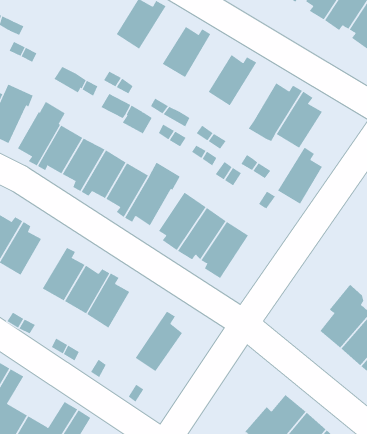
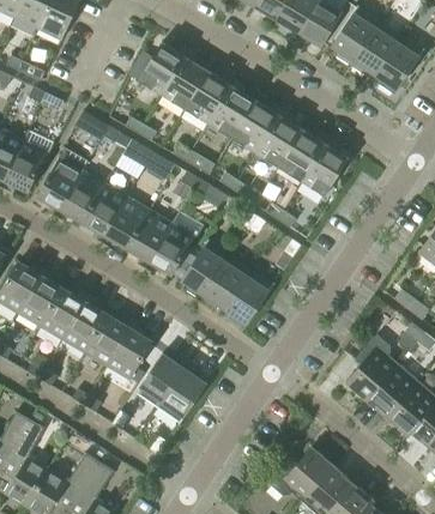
building: none -> [162,52,209,110]
building: none -> [209,80,255,139]
building: [277,147,323,204] -> [254,109,301,168]
building: none -> [41,289,87,339]
building: none -> [134,353,189,410]

